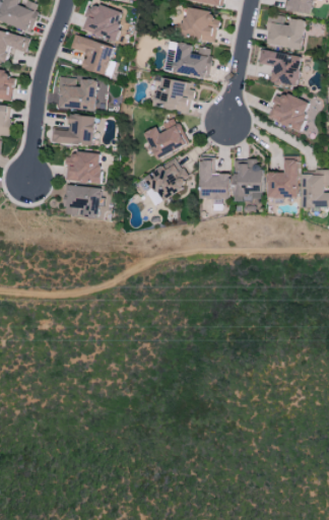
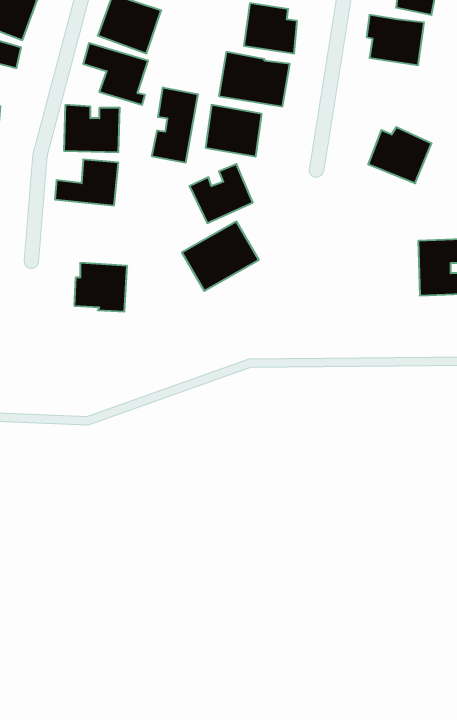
building: [258,50,303,86] -> none
building: none -> [152,87,198,163]
building: [66,152,102,183] -> none
building: [267,155,298,199] -> none
building: [200,158,229,199] -> none
building: [234,159,262,200] -> none

